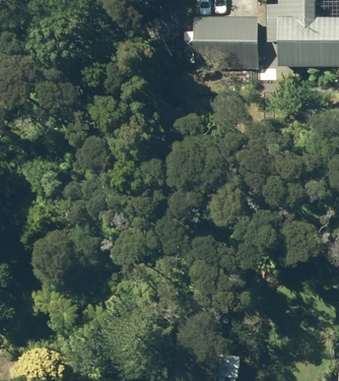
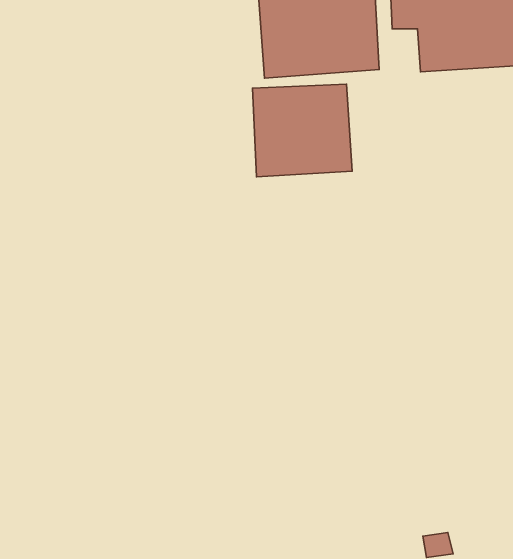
building: none -> [252,84,352,177]

